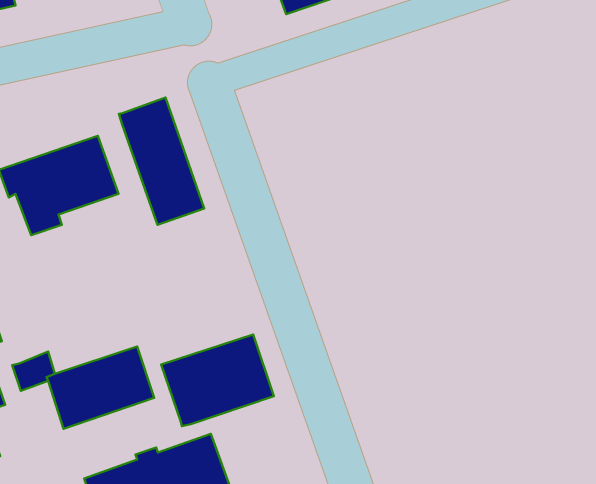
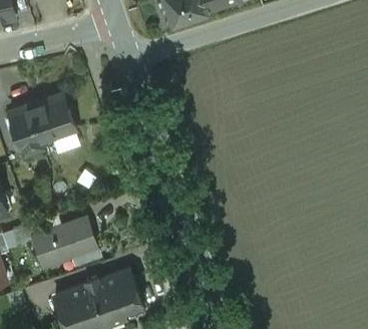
building: [119,97,204,225] -> none
building: [161,335,274,426] -> none

